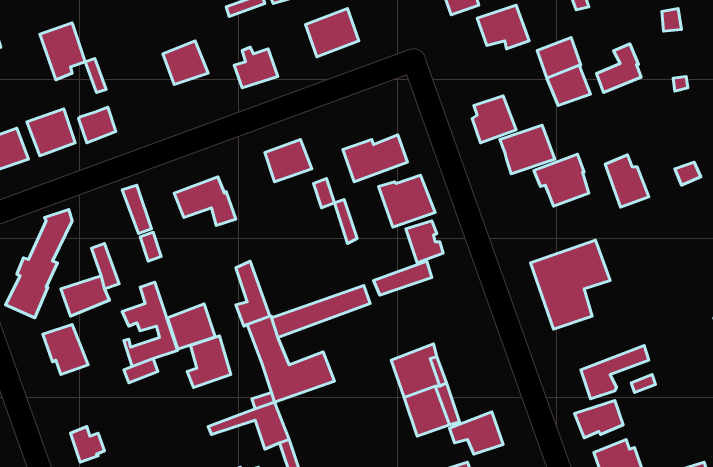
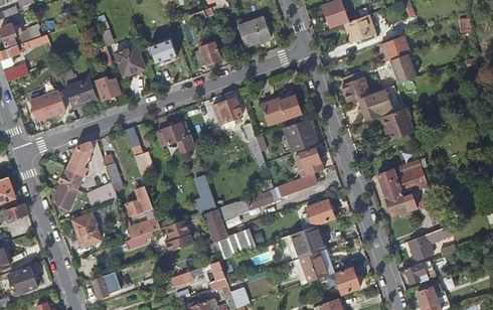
building: [40,23,85,80] -> [115,44,143,80]
building: [596,44,641,92] -> none
building: [605,155,649,207] -> none
building: none -> [306,198,334,225]
building: [168,304,215,349] -> none

